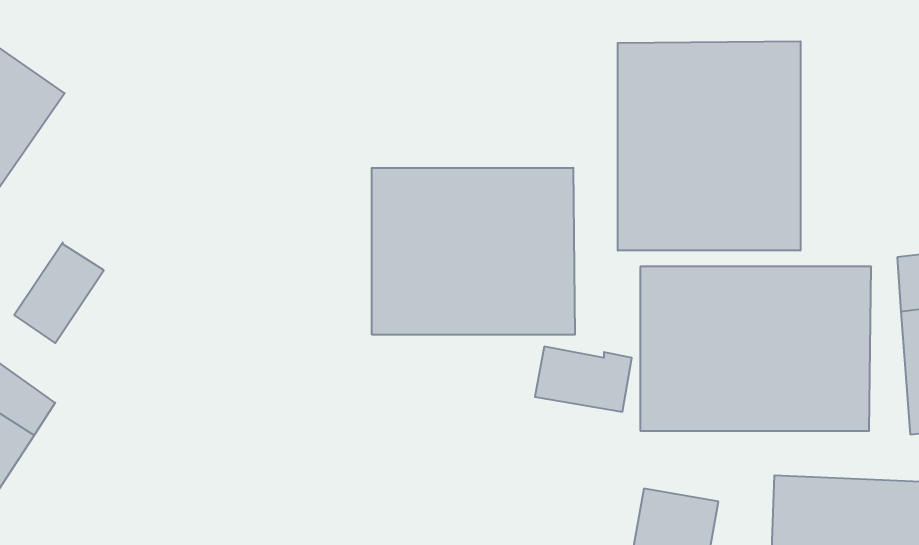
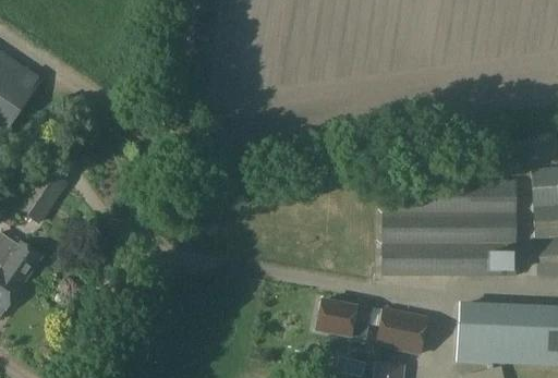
building: [618,41,800,251] -> none
building: [372,168,575,335] -> none
building: [535,347,632,412] -> [314,298,371,337]

